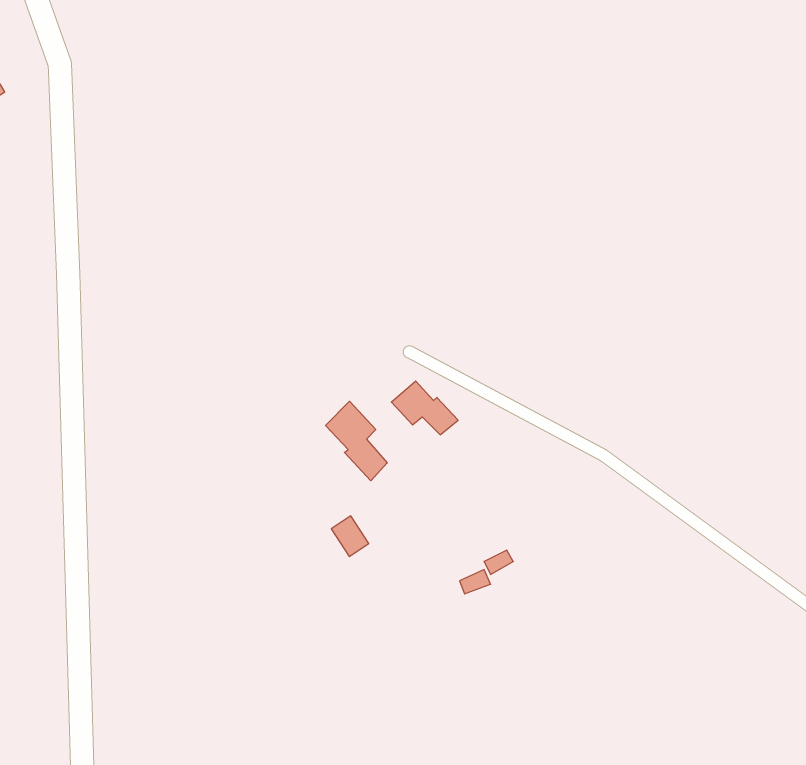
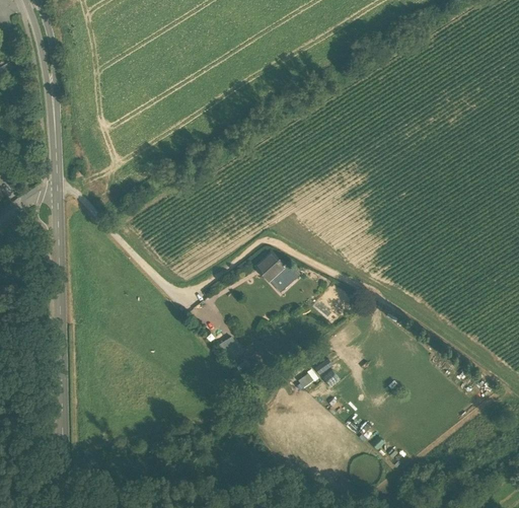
building: [326,401,387,481] -> none

